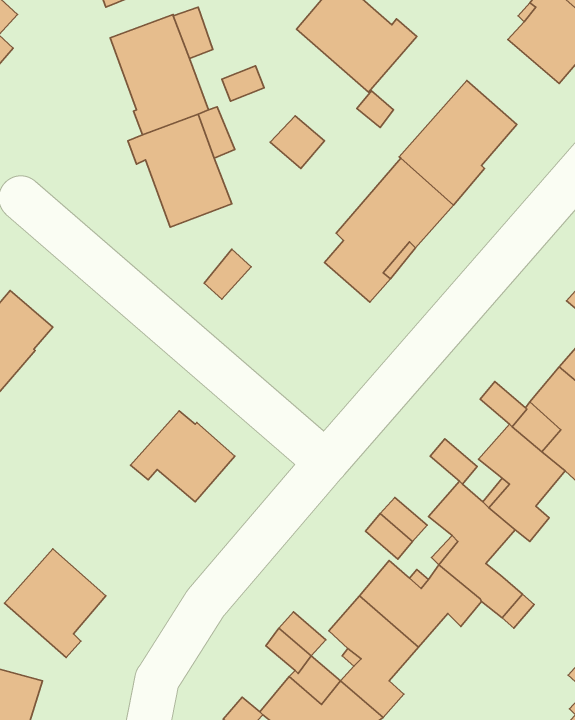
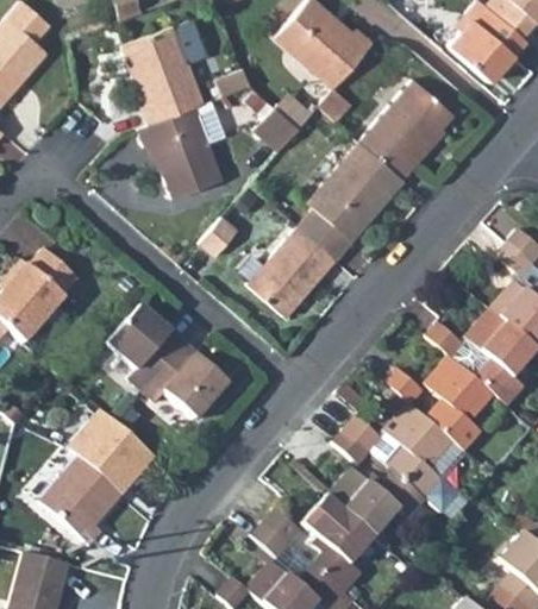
building: none -> [248,226,336,316]
building: none -> [106,307,181,390]
building: none -> [68,410,155,496]

